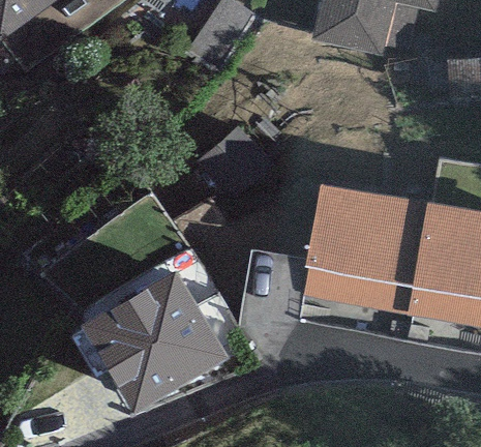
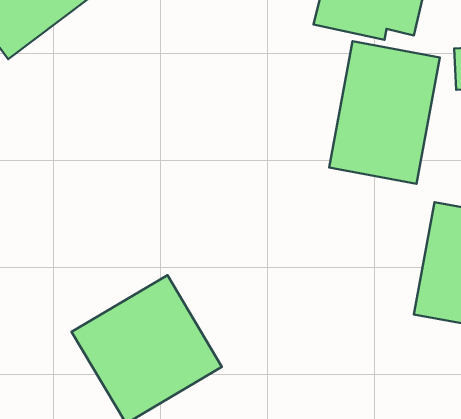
building: none -> [329,41,440,184]
building: [304,184,428,311] -> none

